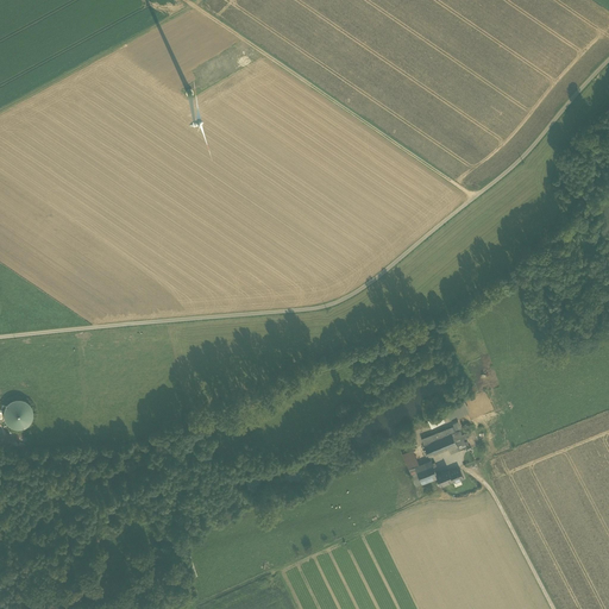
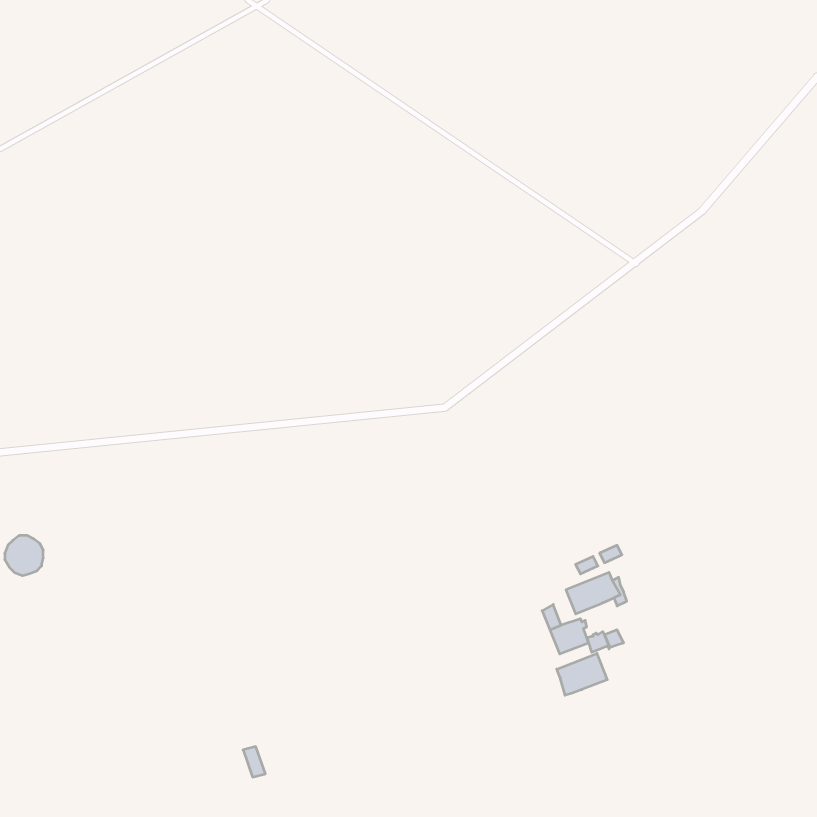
building: none -> [557,653,607,695]

